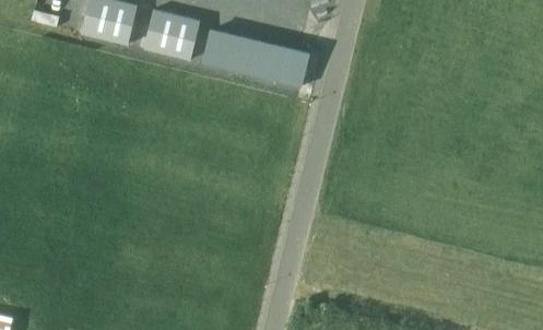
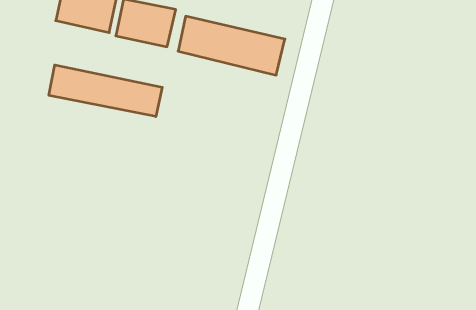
building: none -> [49,65,162,117]

